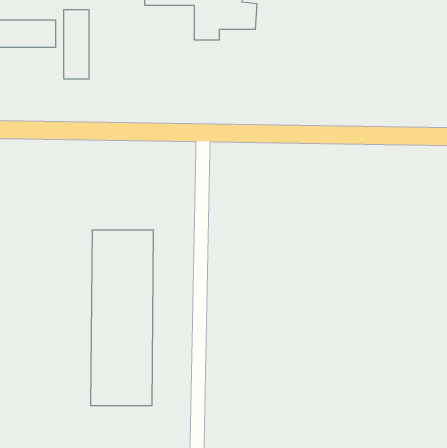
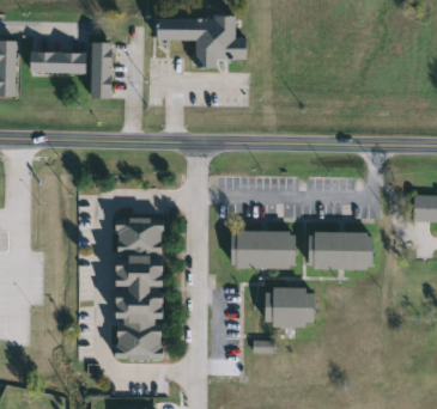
building: none -> [230,231,295,269]
building: none -> [308,232,371,269]
building: none -> [263,288,312,328]

